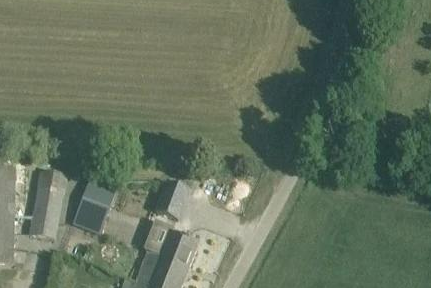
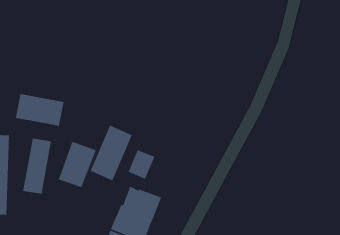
building: none -> [15,93,64,127]
building: none -> [89,124,133,181]

